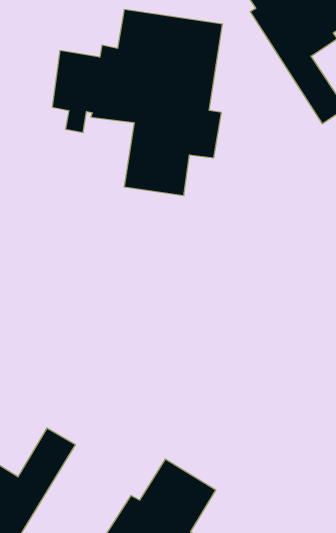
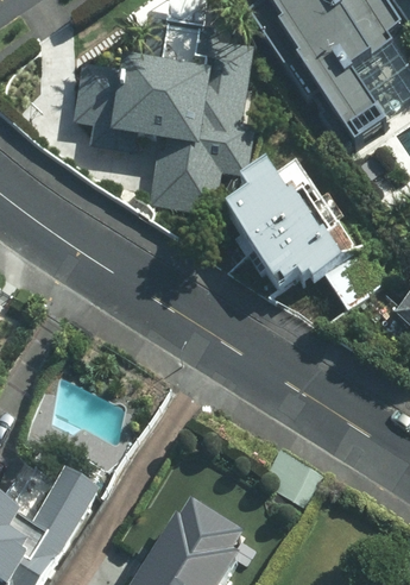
building: none -> [232,161,347,282]

